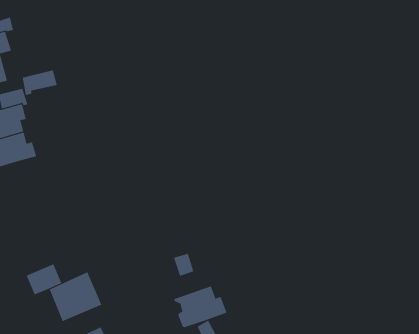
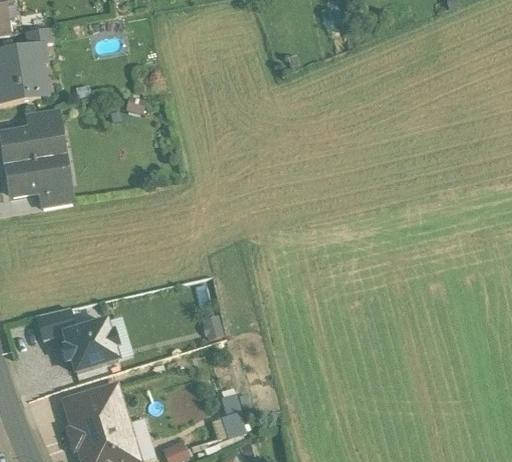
building: [22,69,57,96] -> none
building: none -> [39,183,72,207]
building: [173,286,227,328] -> none

